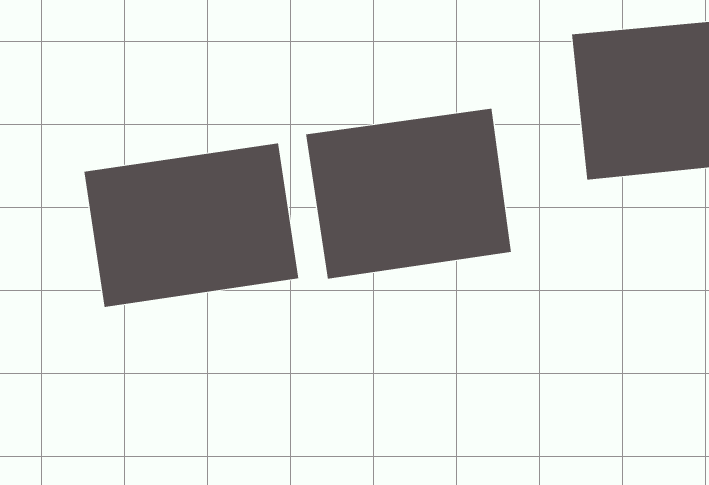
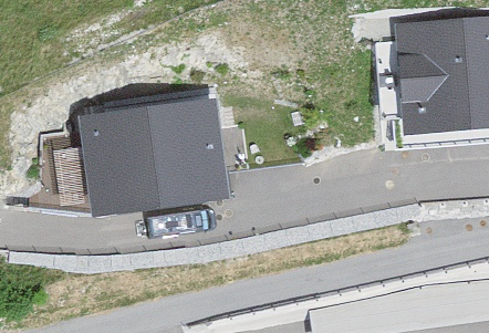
building: [305,108,511,280] -> none

